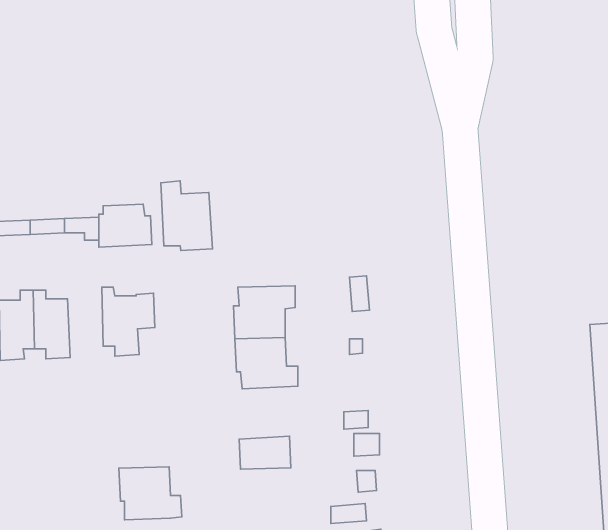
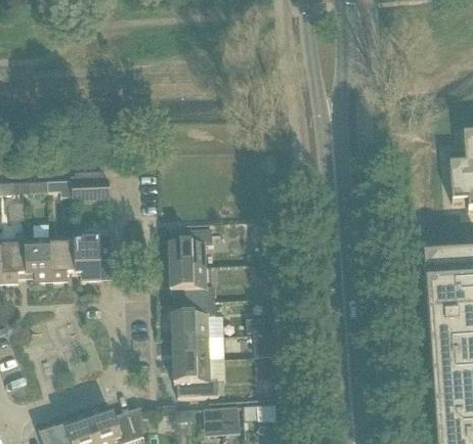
building: [161,181,212,250] -> none
building: none -> [50,231,76,281]
building: none -> [172,302,216,340]
building: [119,467,182,520] -> [174,360,219,398]

